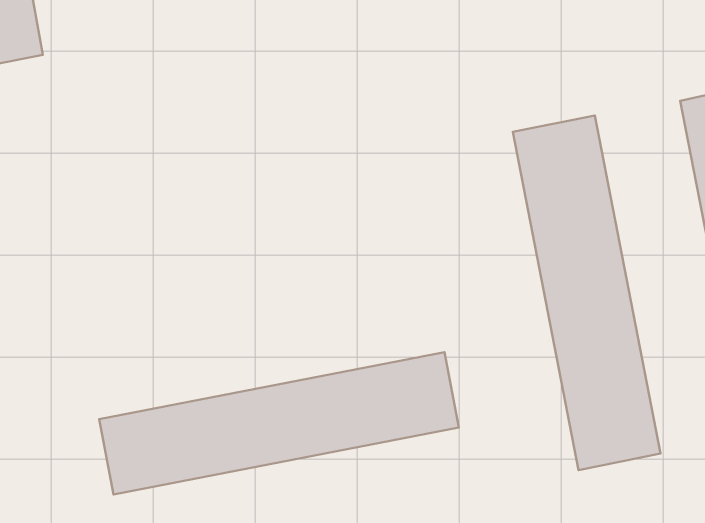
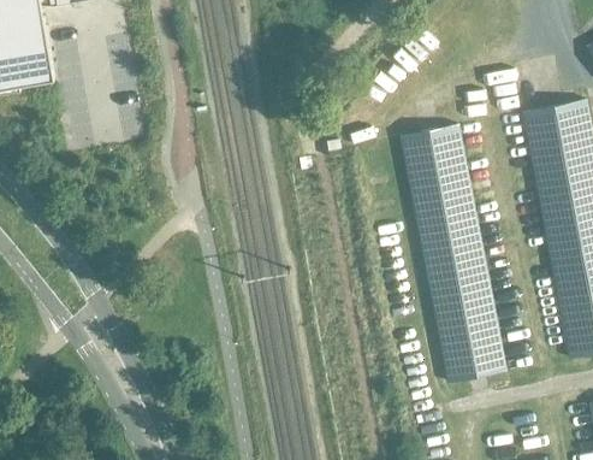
building: [99,352,459,495] -> none

